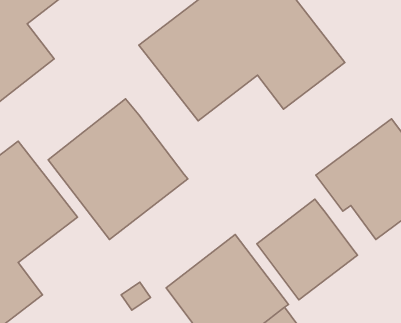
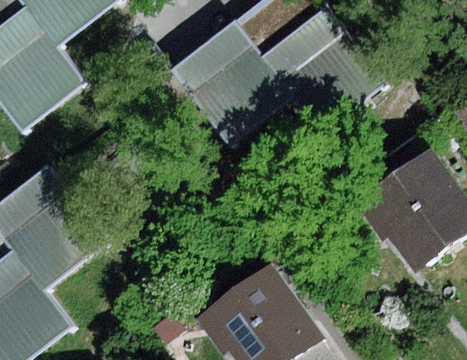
building: [48,99,188,240] -> none
building: [257,199,358,300] -> none

